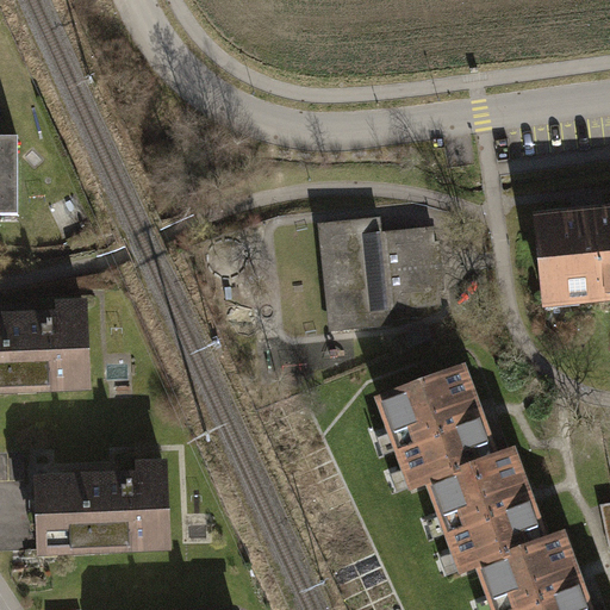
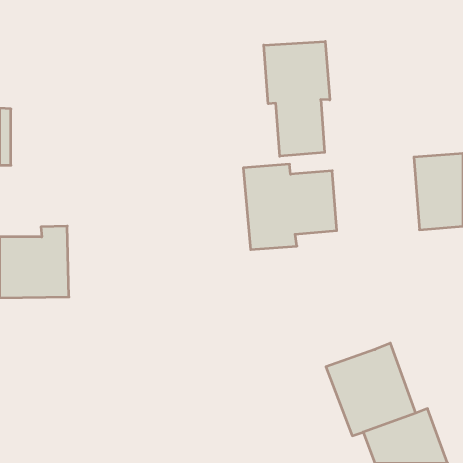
building: none -> [264,41,330,156]
building: [374,367,492,488] -> none
building: [37,459,173,554] -> none

